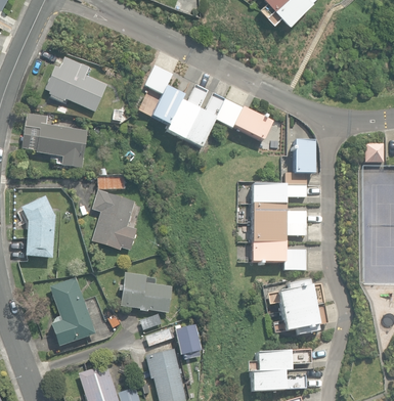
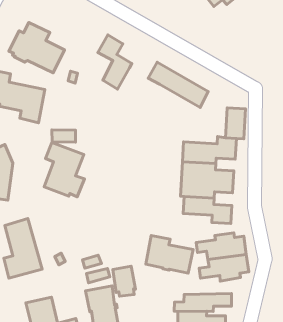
building: [166,86,216,149] -> none
building: [121,274,173,314] -> [146,236,193,273]

